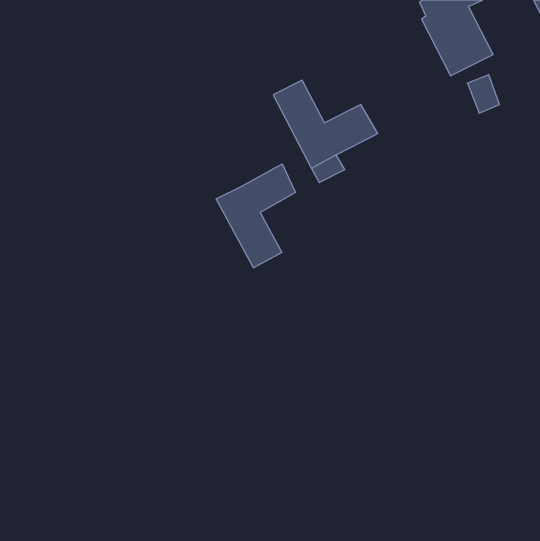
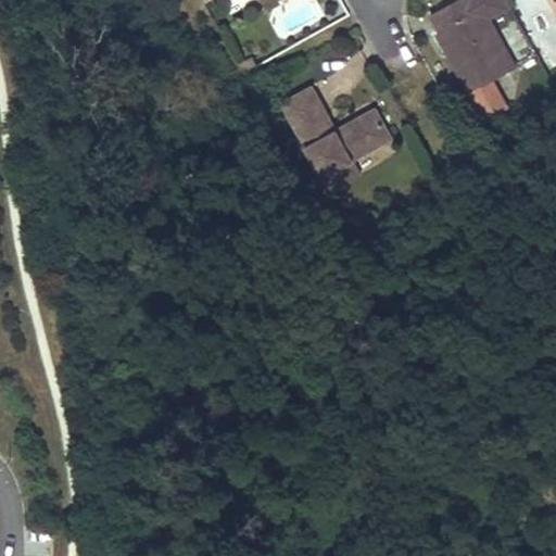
building: [216,164,296,268] -> none

